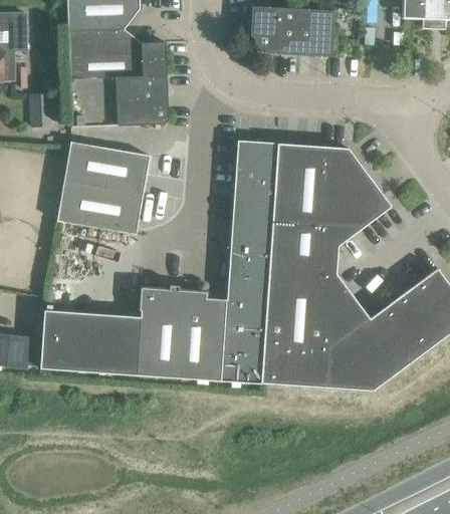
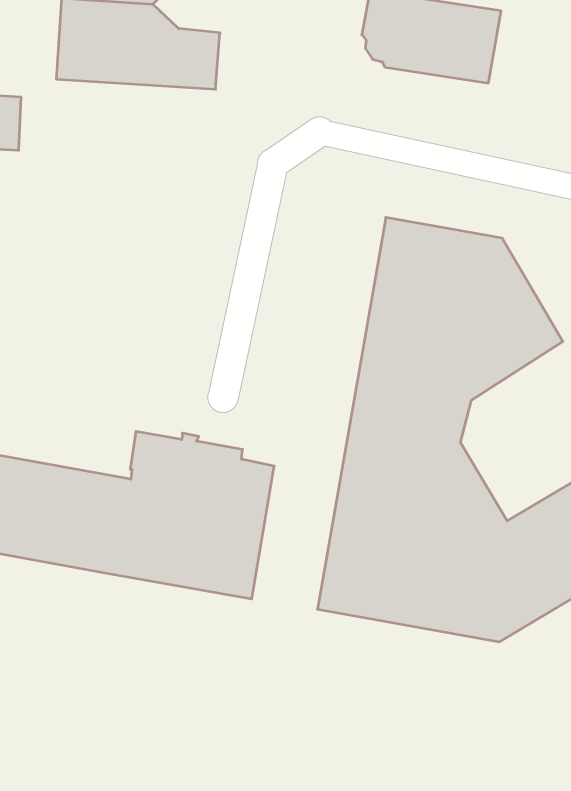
building: [70,76,168,126] -> none
building: [221,140,277,382] -> none
building: [57,143,150,234] -> none

